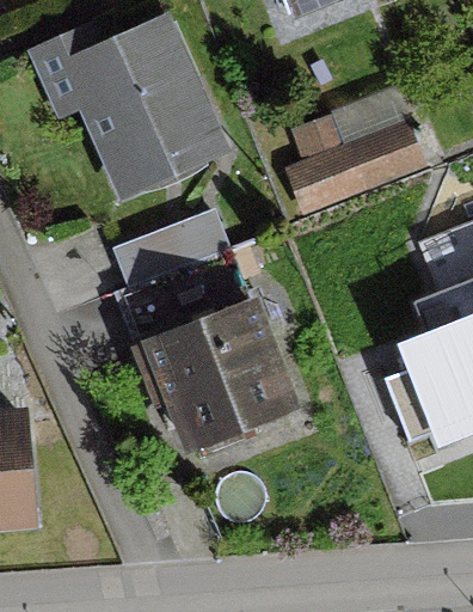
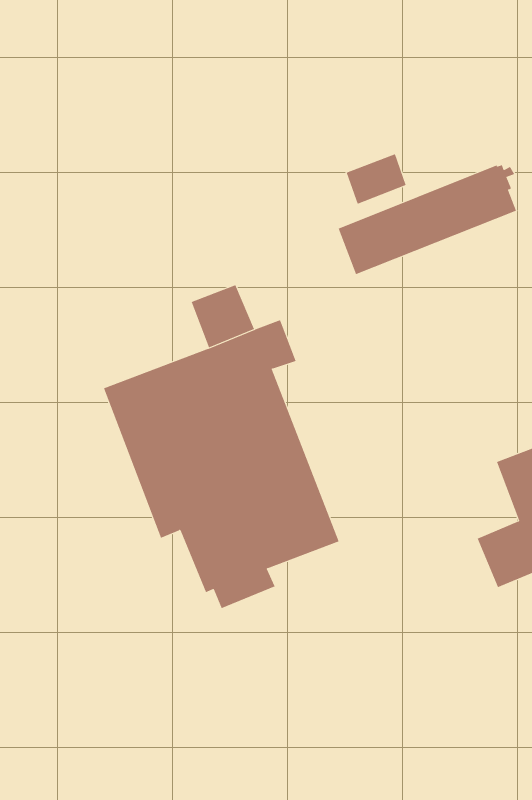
building: [72,24,216,185] -> none

